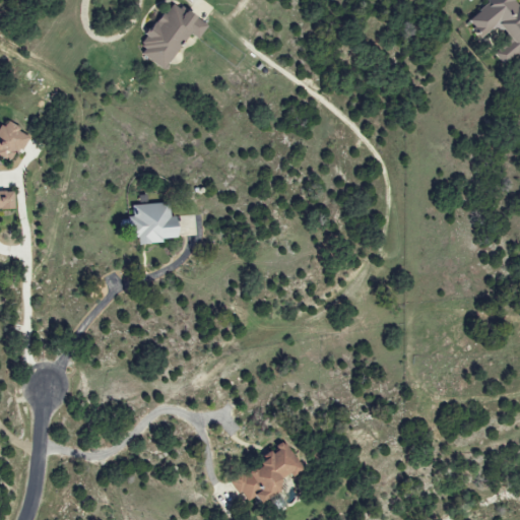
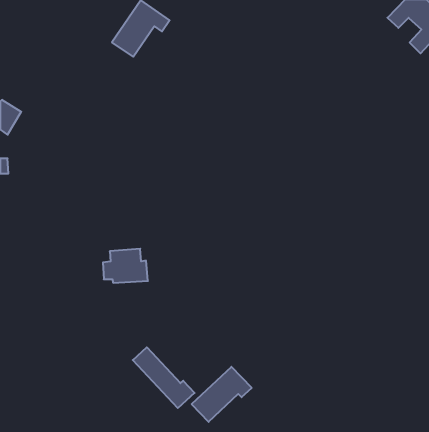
building: [126,201,180,242] -> [103,249,148,283]
building: none -> [133,347,195,408]

